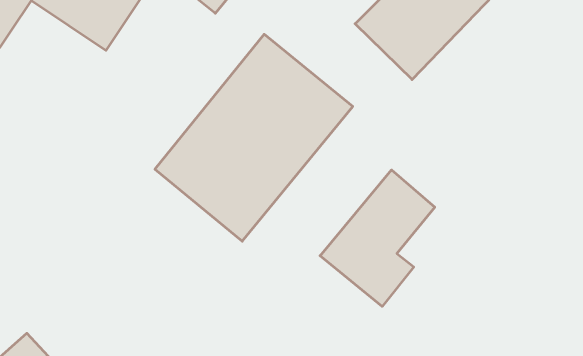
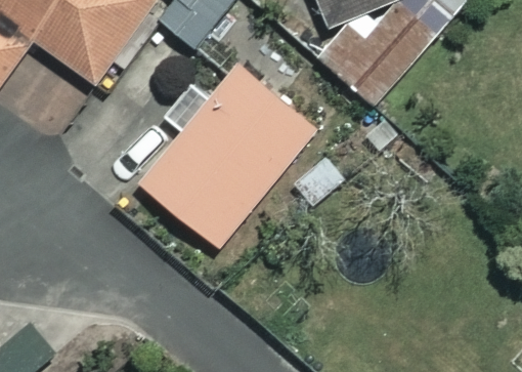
building: [320,170,435,306] -> none

